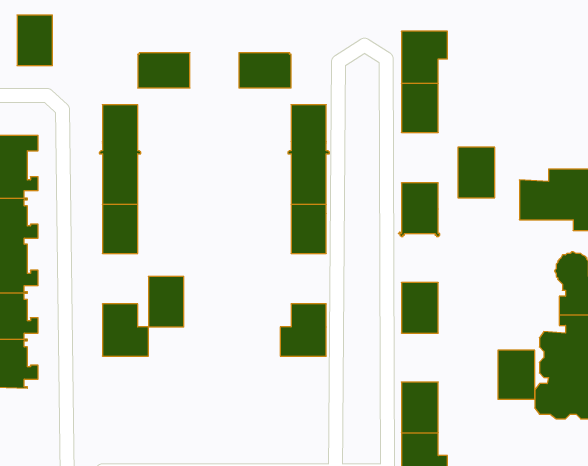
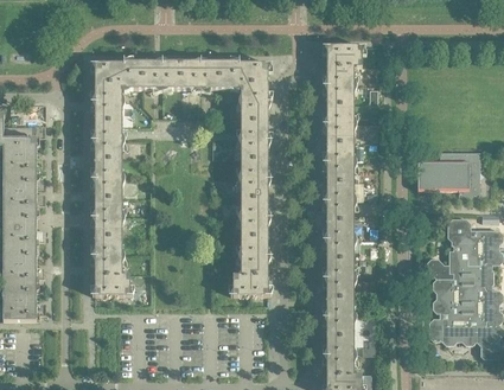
building: [17,15,52,66] -> [95,62,122,101]
building: none -> [162,60,200,88]
building: none -> [241,62,268,101]
building: [458,147,495,198] -> [326,122,355,161]
building: none -> [326,200,355,238]
building: none -> [241,216,268,255]
building: [148,276,184,327] -> [95,216,122,255]
building: [498,350,535,399] -> [326,277,355,315]

